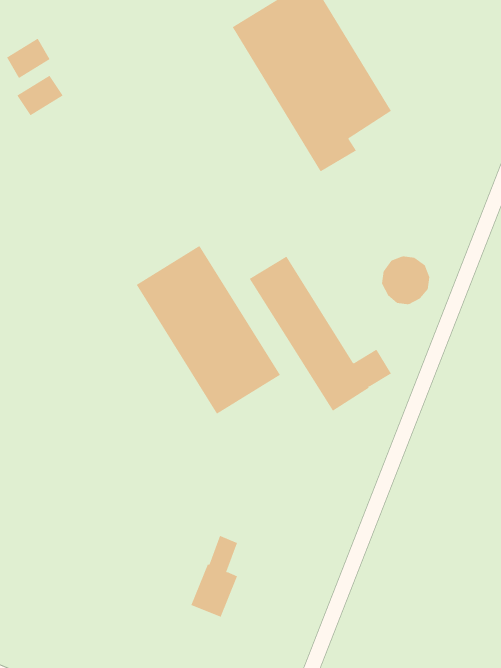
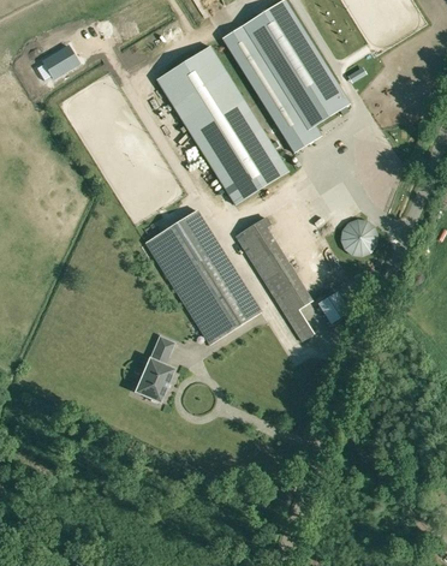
building: none -> [155,46,286,203]
building: [17,75,64,116] -> none
building: [191,535,238,617] -> [136,335,173,400]

